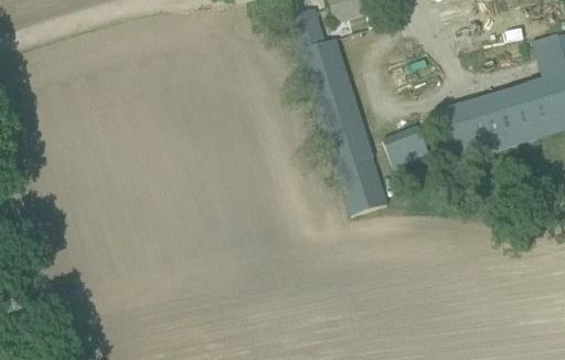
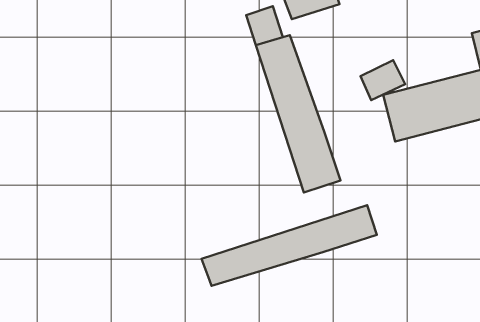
building: [381,125,430,169] -> [360,60,405,100]
building: none -> [202,205,377,286]

